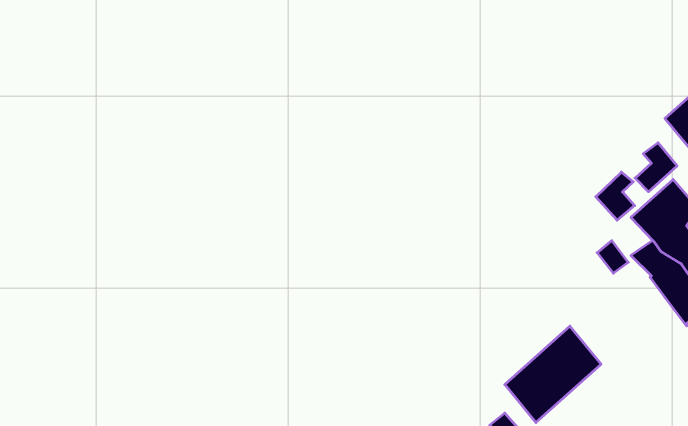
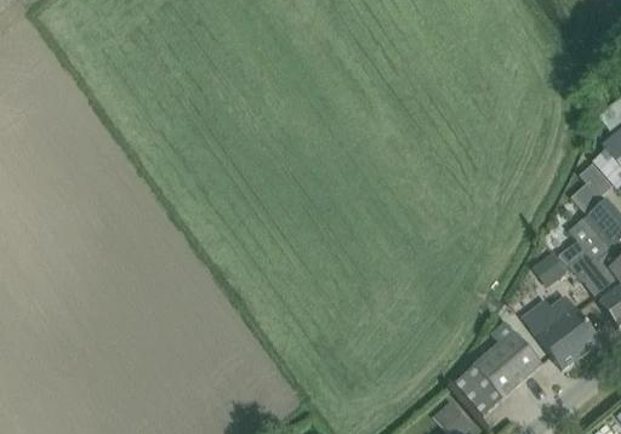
building: [596,172,635,220] -> none
building: none -> [529,296,599,369]

